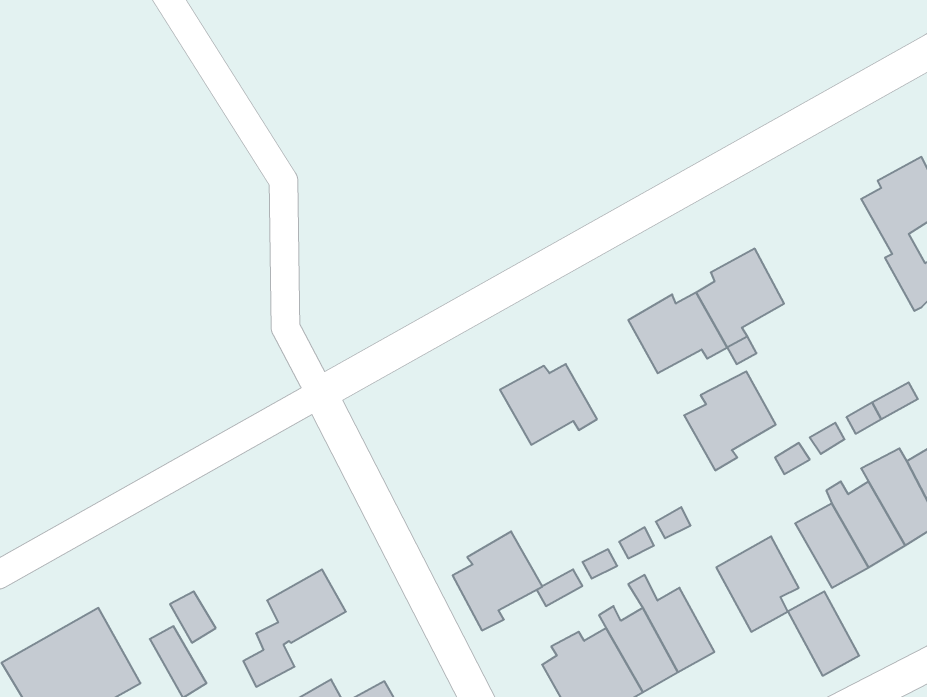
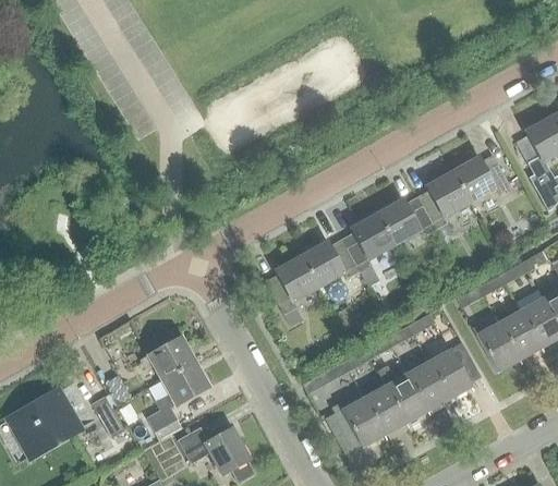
building: none -> [452,155,511,204]
building: [684,371,776,470] -> [340,214,395,272]
building: none -> [138,329,195,380]
building: [453,531,542,630] -> [266,255,319,314]
building: [788,591,859,676] -> [408,361,450,411]

